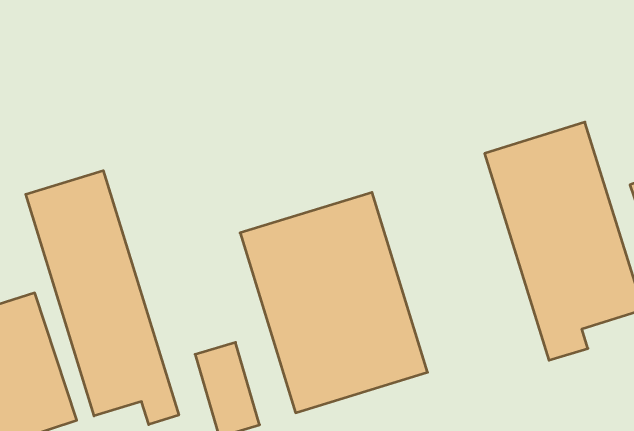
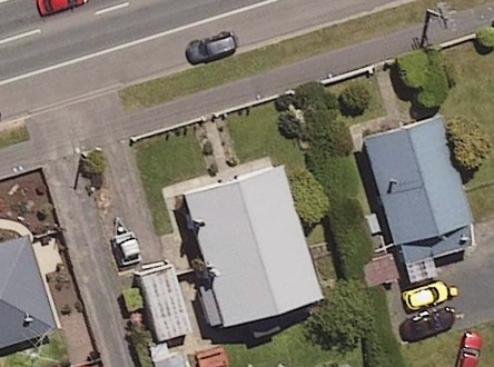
building: [26,171,179,425] -> none

